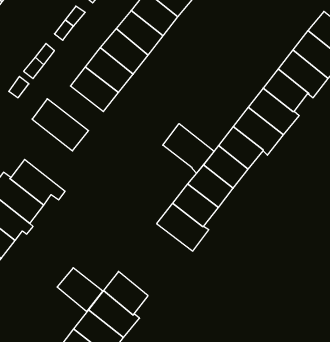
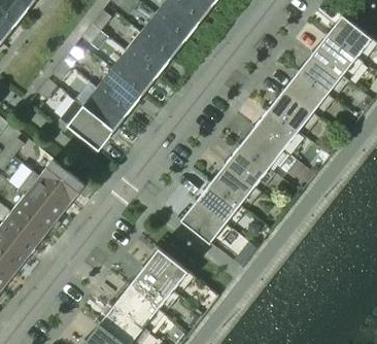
building: none -> [81,88,128,131]
building: [163,124,214,173] -> none
building: [57,268,103,311] -> [142,248,186,290]

